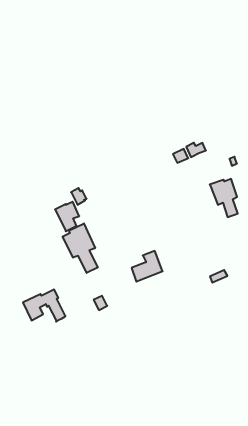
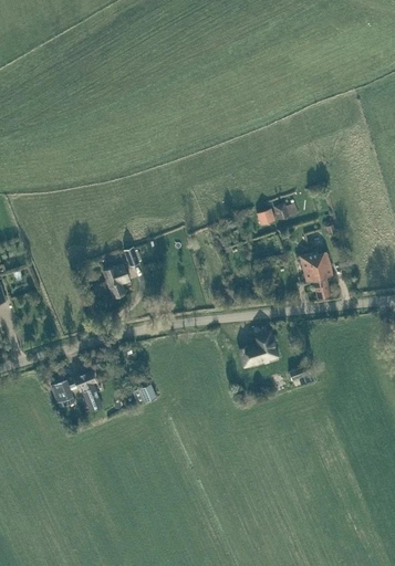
building: [63,223,98,273] -> none
building: [132,251,163,282] -> [239,331,278,367]

